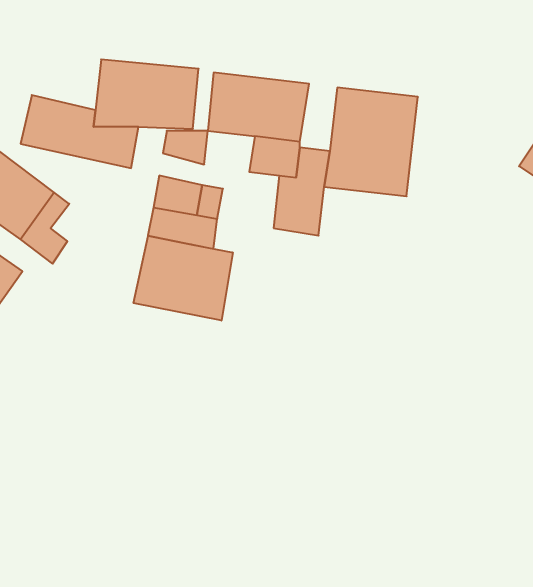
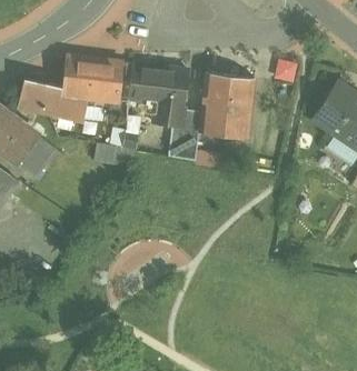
building: [134,236,233,321] -> none

